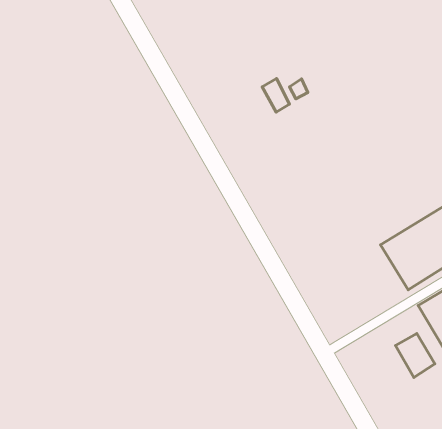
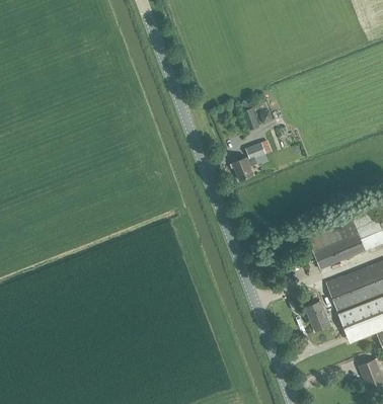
building: none -> [232,143,265,182]

